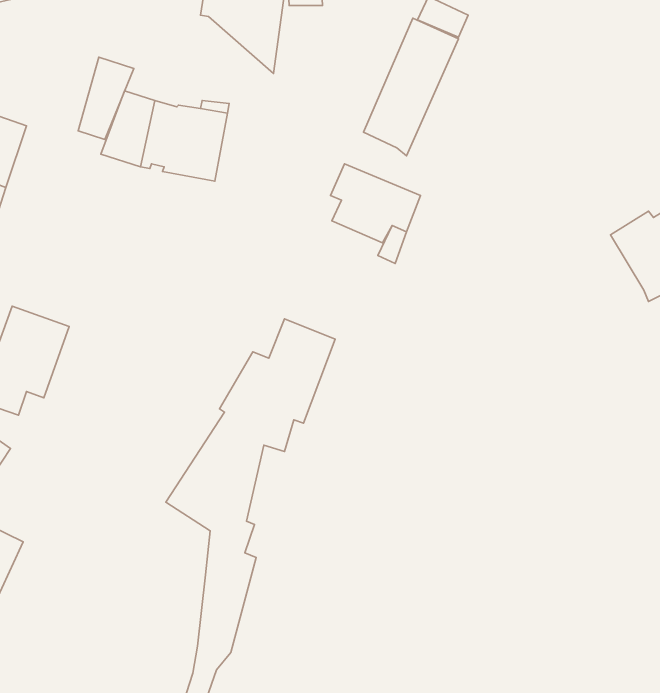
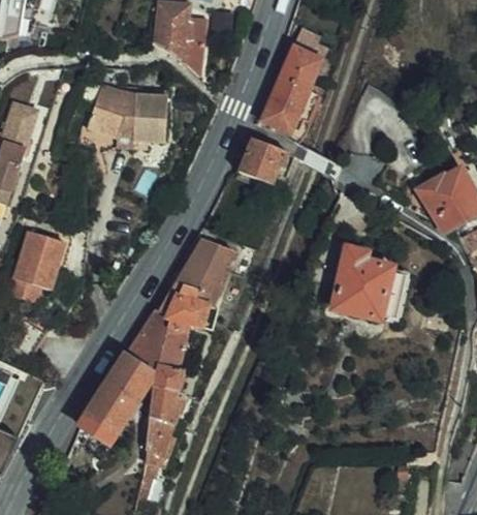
building: [78,57,134,140] -> none
building: none -> [326,242,400,319]
building: none -> [83,358,157,446]

